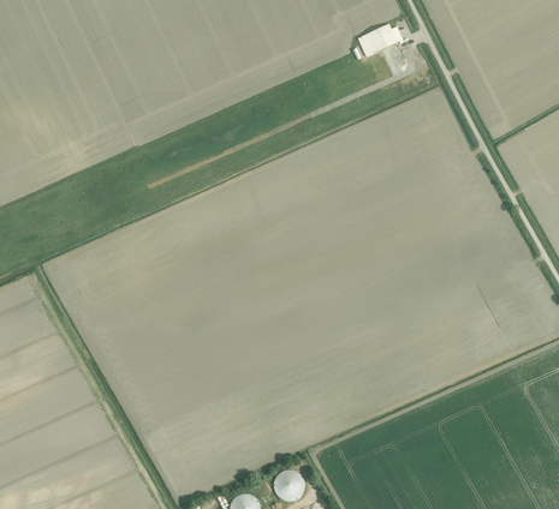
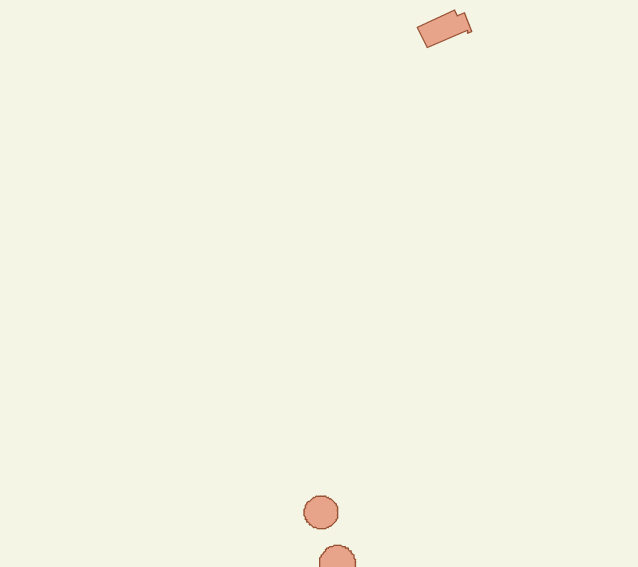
building: none -> [304,496,337,529]

